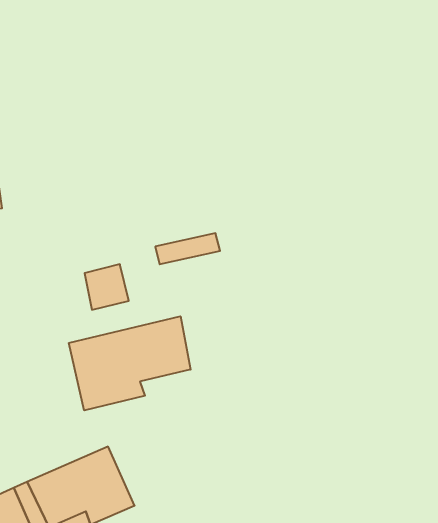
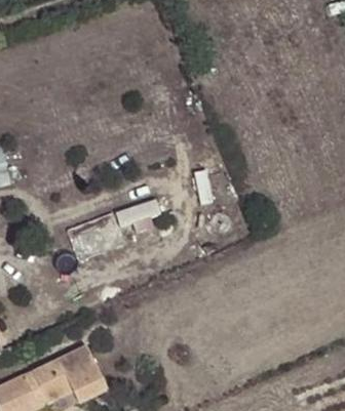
building: [69,316,191,410] -> none

